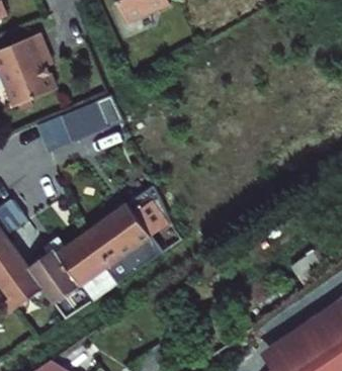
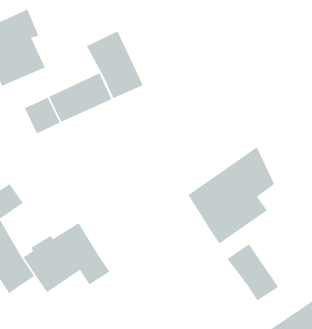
building: none -> [86,30,144,99]
building: [88,192,172,286] -> [187,146,275,244]
building: none -> [227,243,279,301]

